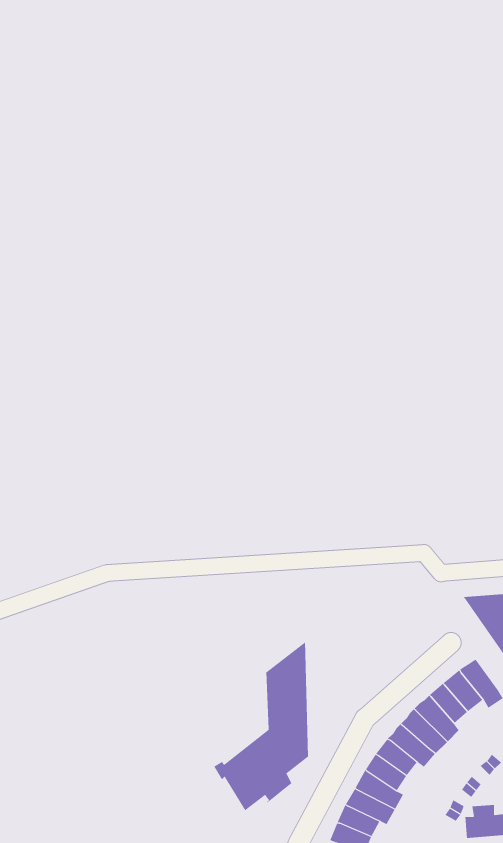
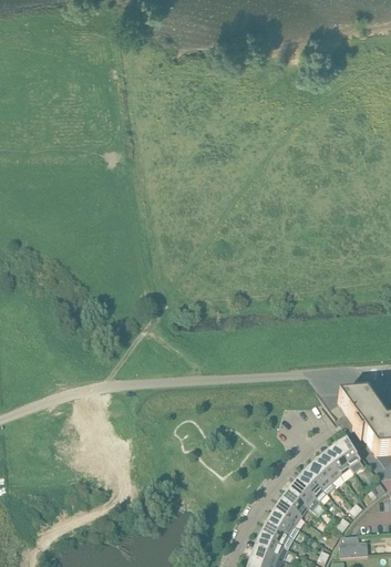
building: [214,641,308,811] -> none

